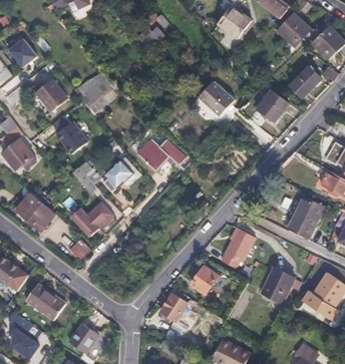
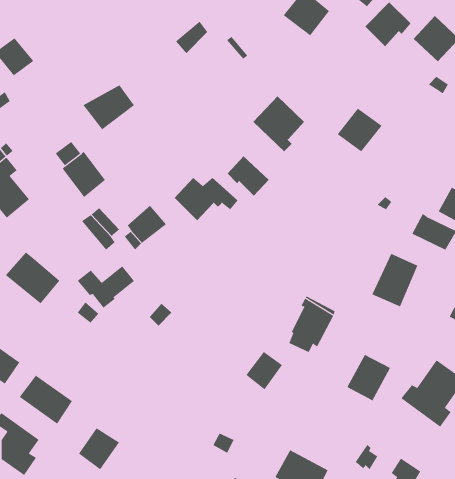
building: [290,66,320,96] -> none
building: [35,79,68,112] -> none
building: none -> [227,156,269,197]
building: [160,293,198,329] -> none

